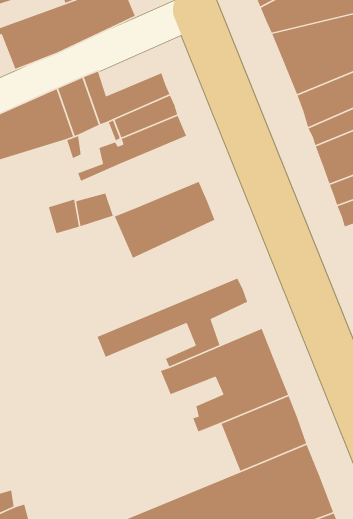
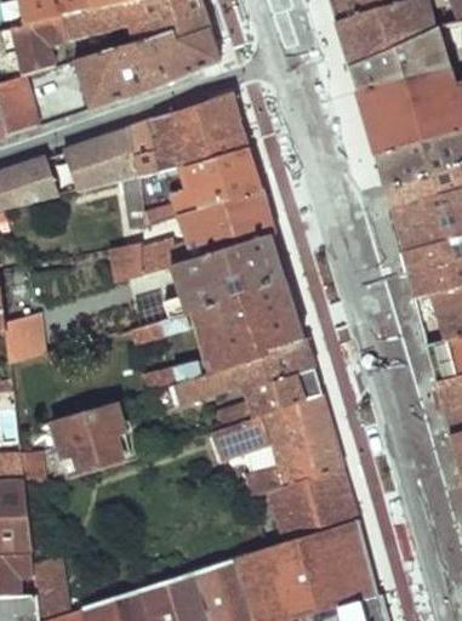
building: none -> [176,95,241,142]
building: none -> [189,192,276,261]
building: none -> [130,281,302,393]
building: none -> [270,369,323,412]
building: none -> [51,404,122,479]

